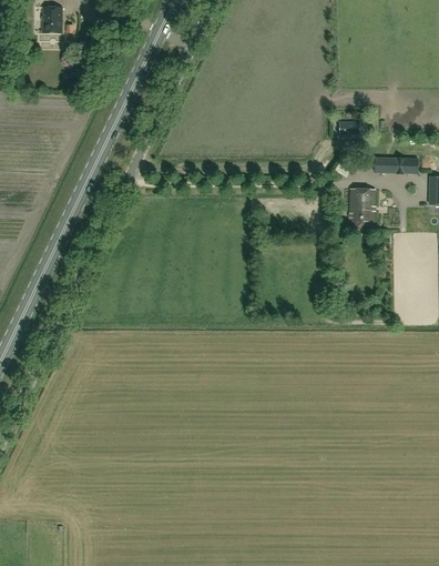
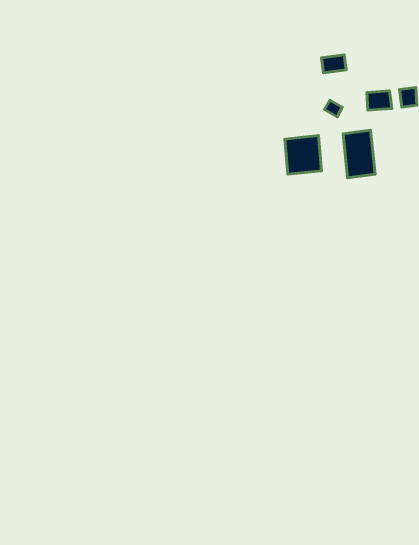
building: none -> [285,136,321,174]

